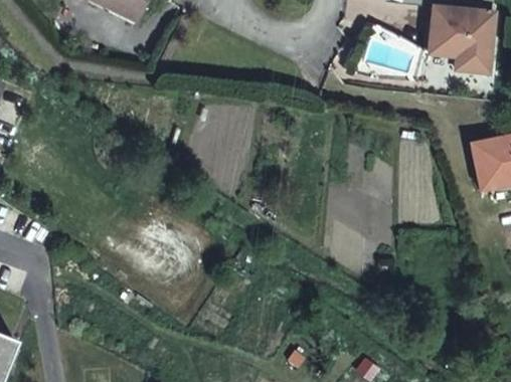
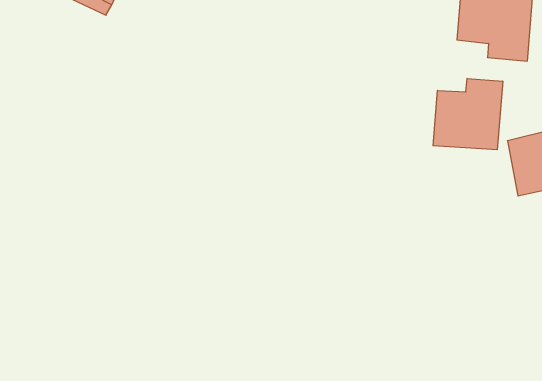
building: none -> [433,78,503,150]

